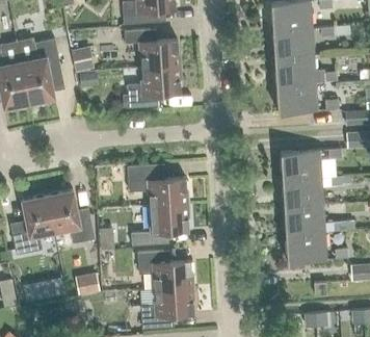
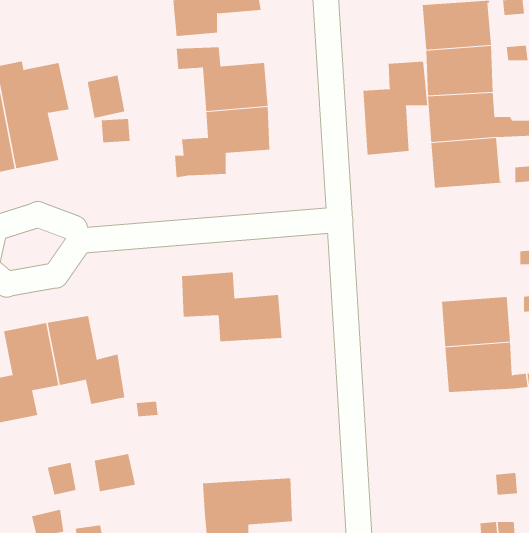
building: none -> [363,61,428,156]
building: [280,152,321,182] -> none
building: [131,204,188,245] -> none
building: [286,234,328,264] -> none
building: [137,251,192,289] -> none

